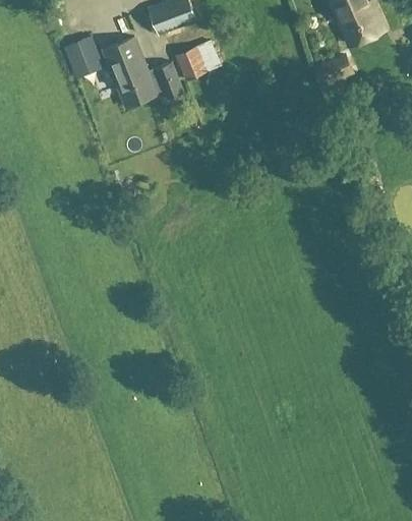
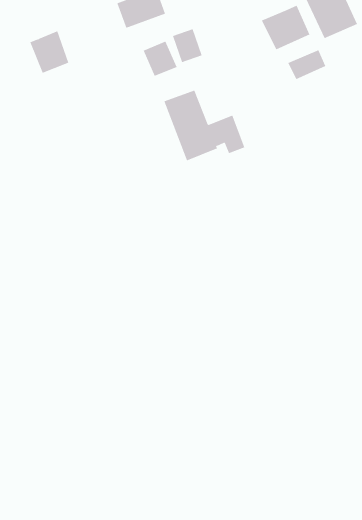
building: none -> [261,5,310,50]
building: [104,37,183,106] -> [163,90,245,161]

